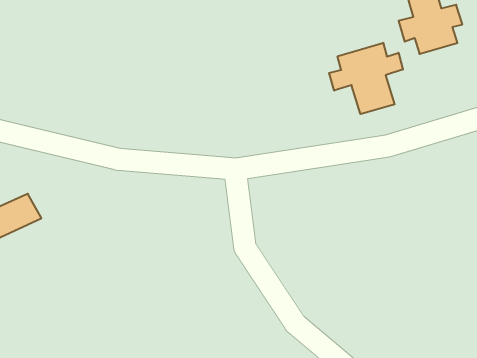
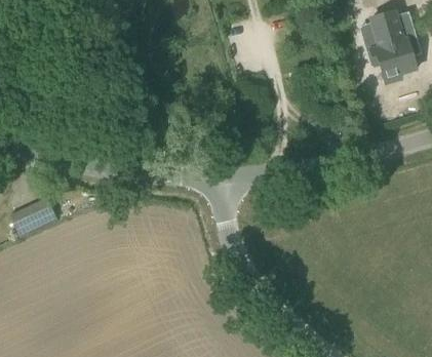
building: [329,43,403,114] -> none

